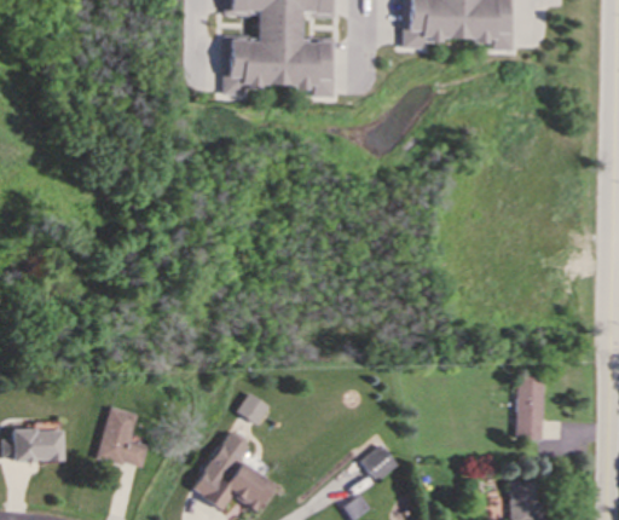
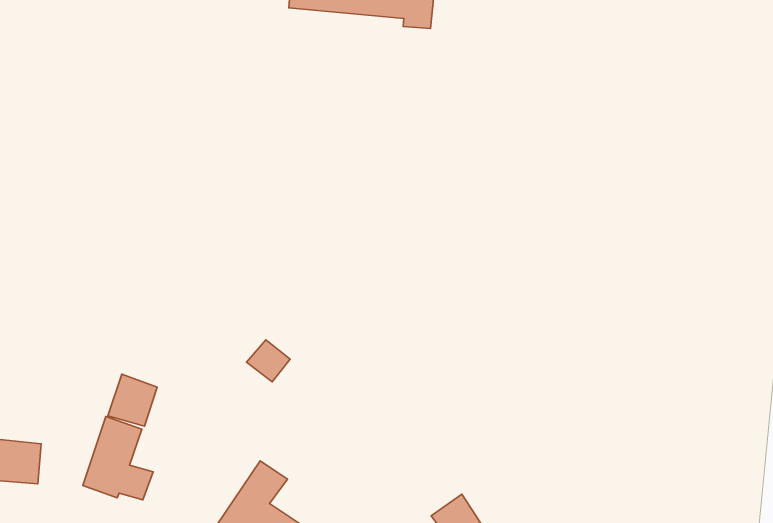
building: none -> [108,374,157,426]
building: [516,374,544,439] -> none
building: [237,392,270,423] -> [246,340,290,382]

